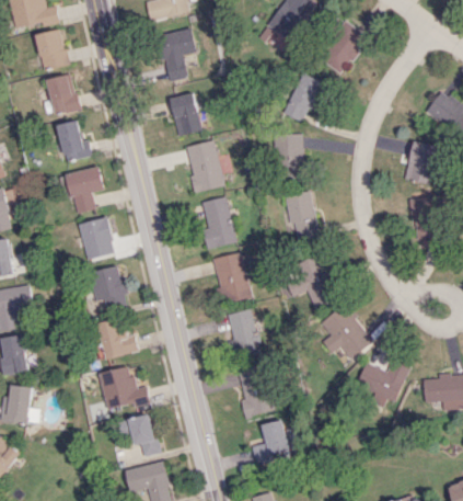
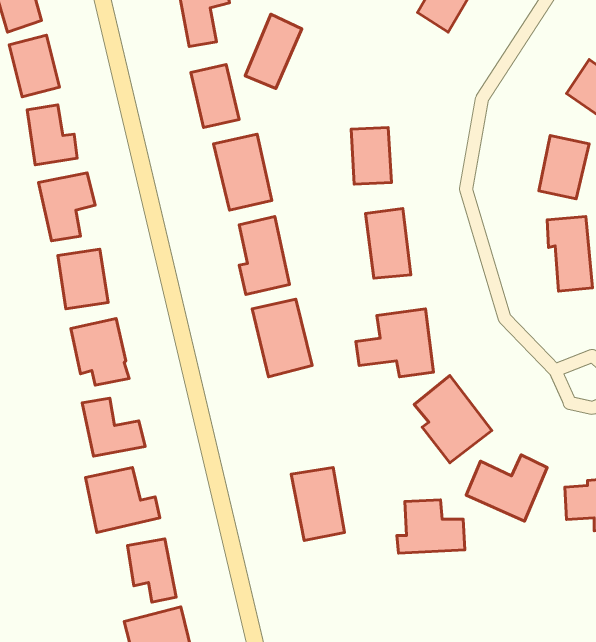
building: [285,72,323,123] -> [245,14,302,89]
building: [228,308,262,358] -> none
building: [254,422,300,458] -> [397,500,465,553]

